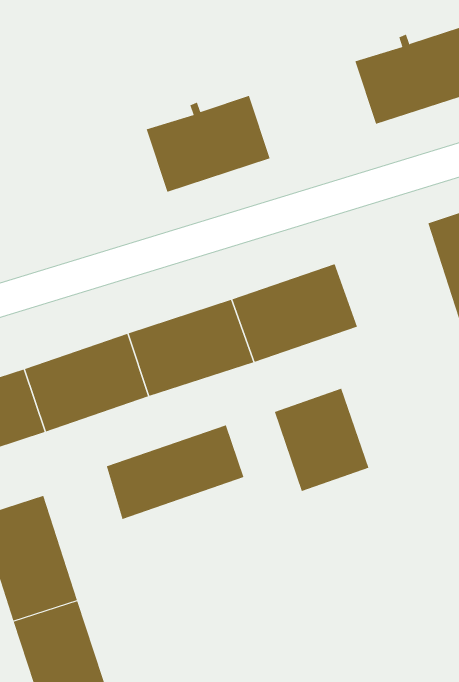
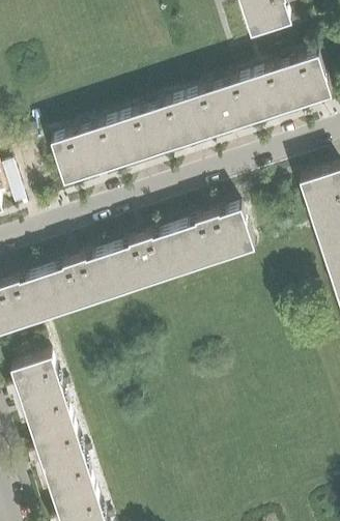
building: none -> [183,78,264,140]
building: none -> [50,121,131,183]
building: [274,388,369,492] -> none
building: [106,425,244,520] -> none

